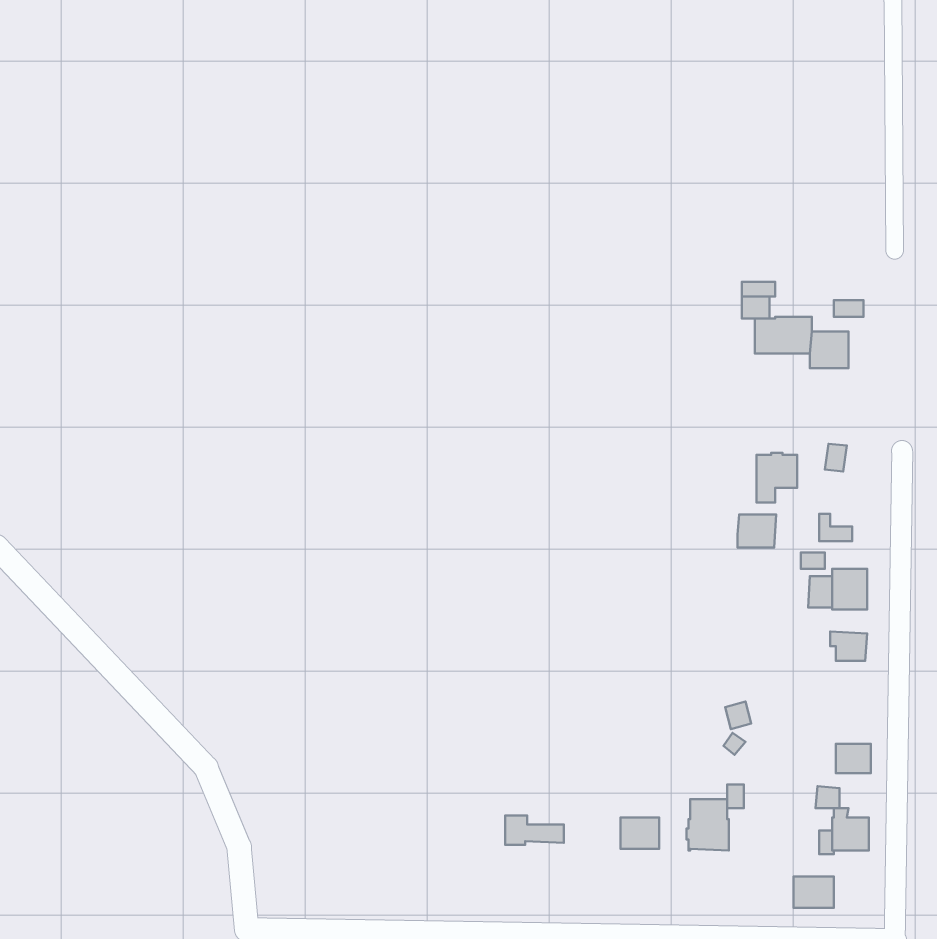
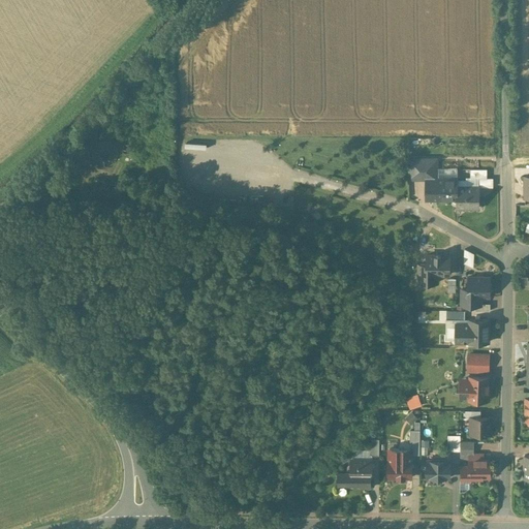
building: [737,514,776,548] -> [466,278,488,297]
building: none -> [459,378,487,401]
building: [505,815,564,845] -> [336,472,369,489]
building: [793,876,834,908] -> [425,461,447,478]

